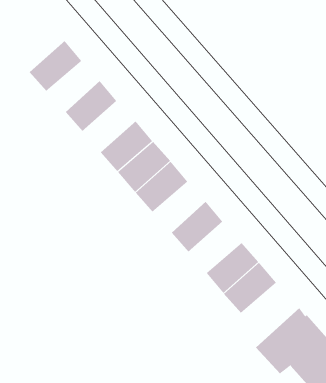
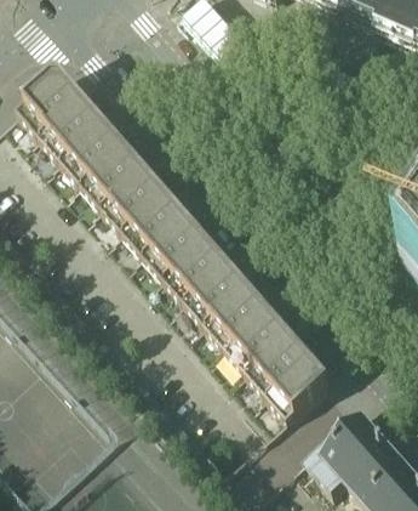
building: none -> [23,76,86,132]
building: none -> [64,119,127,180]
building: none -> [107,166,170,227]
building: none -> [189,261,252,322]
building: none -> [231,308,294,369]

